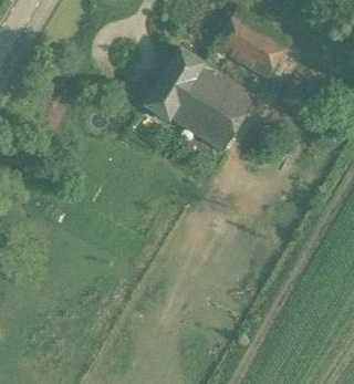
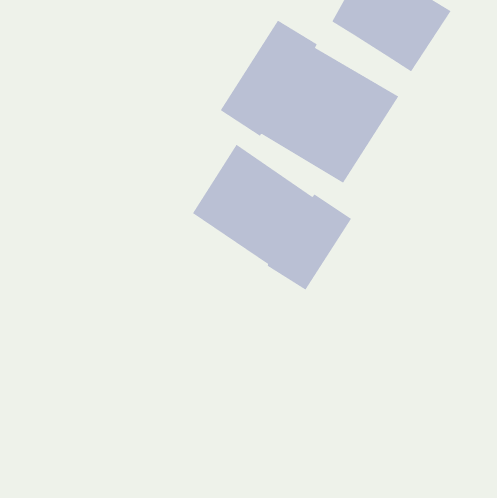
building: none -> [192,144,352,290]

